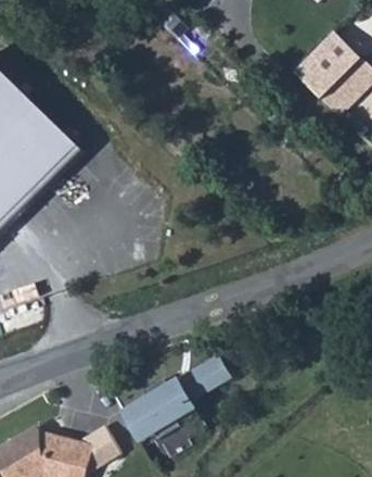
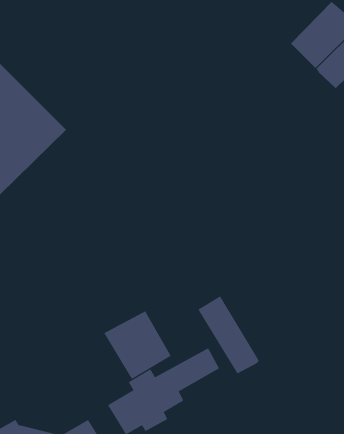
building: none -> [197,295,259,375]
building: none -> [104,310,171,380]

